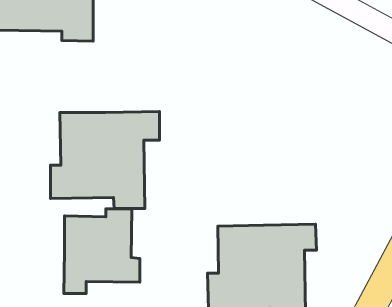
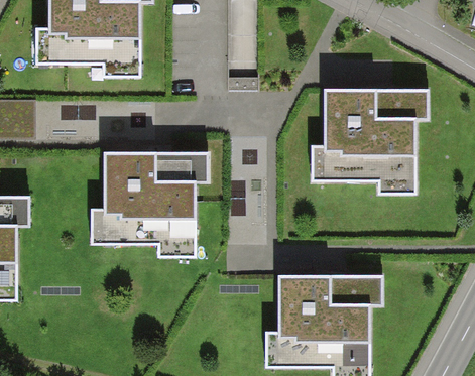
building: none -> [314,87,433,193]
building: [64,209,140,294] -> none

